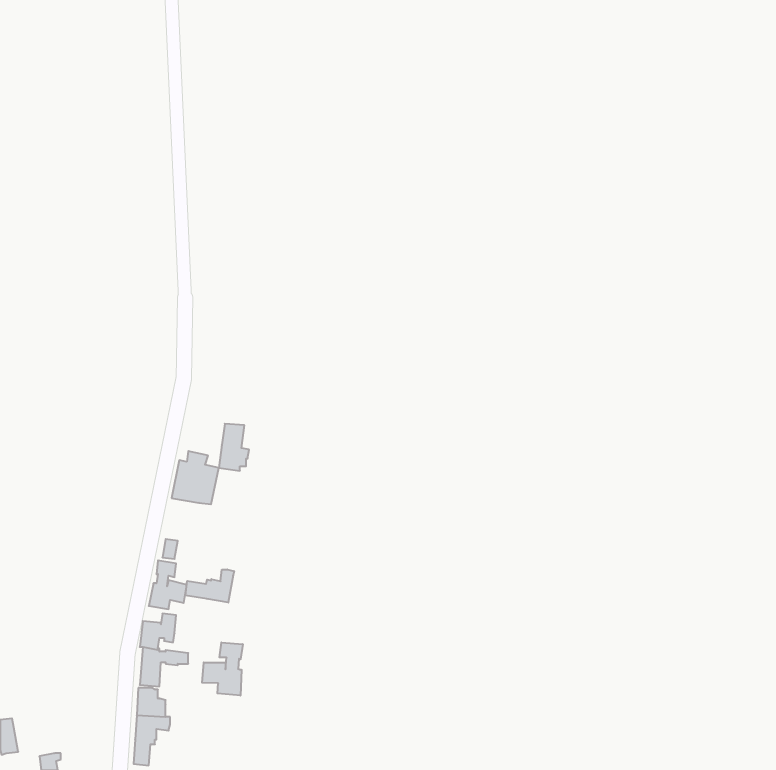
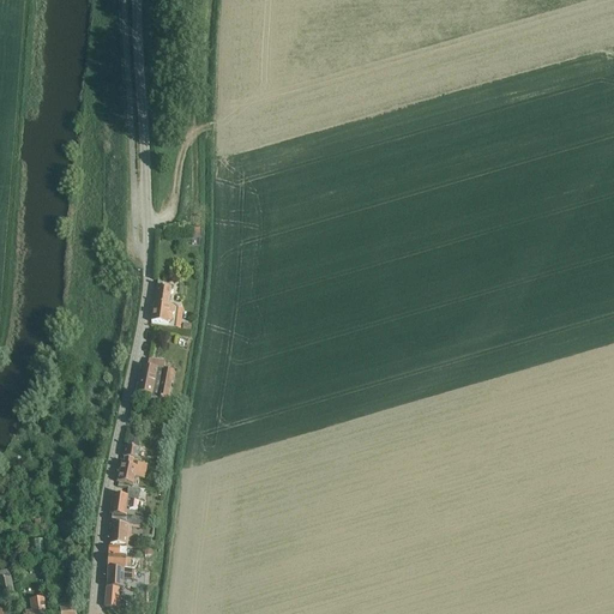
building: [219,424,249,471] -> [151,283,175,320]
building: [185,569,234,603] -> none
building: [202,642,243,696] -> none

